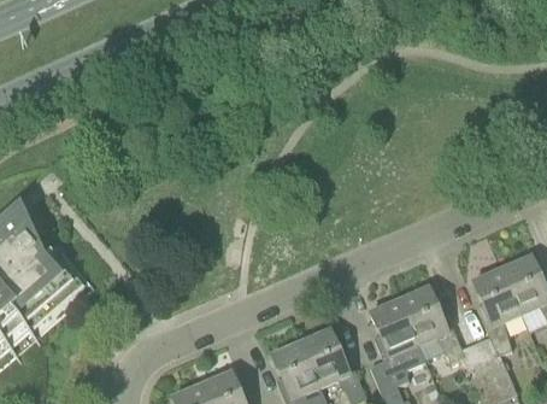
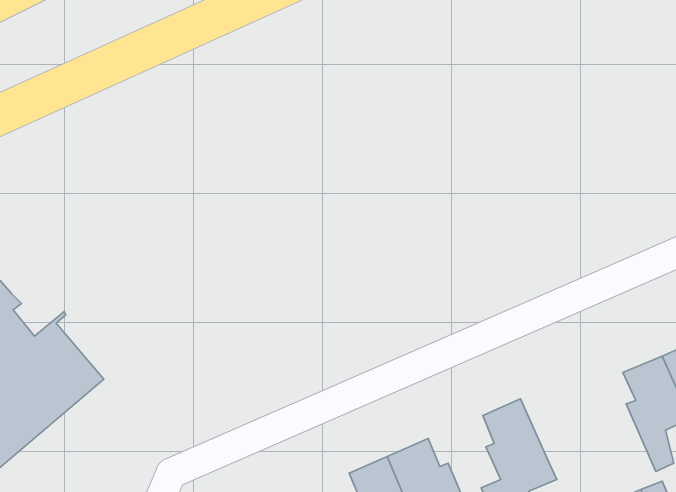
building: [398,287,464,359] -> none

